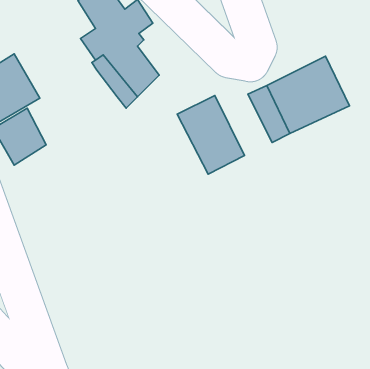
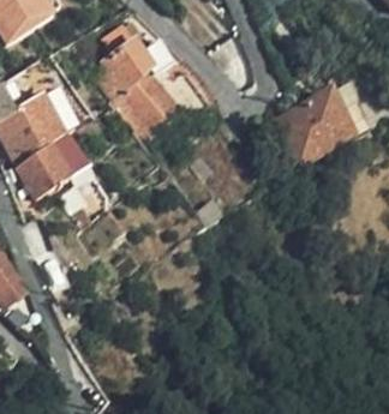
building: [177,95,244,174] -> none

